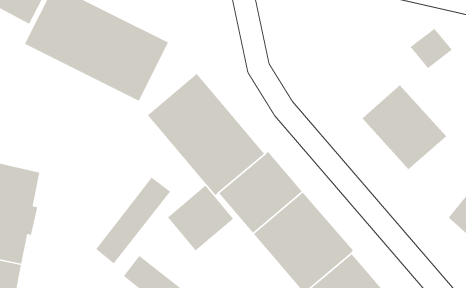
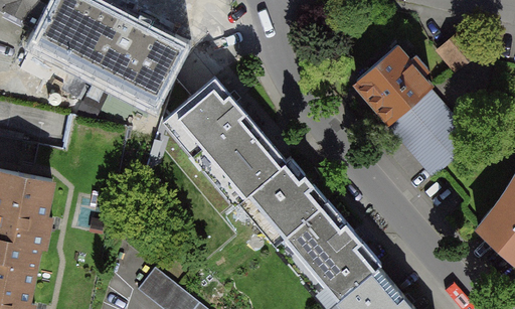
building: none -> [359,48,433,122]
building: [95,176,171,264] -> none
building: [167,185,234,252] -> none

